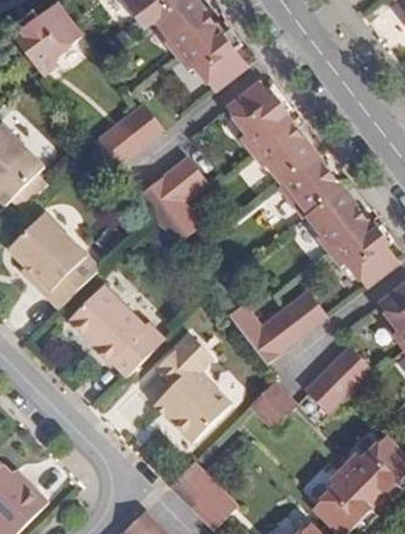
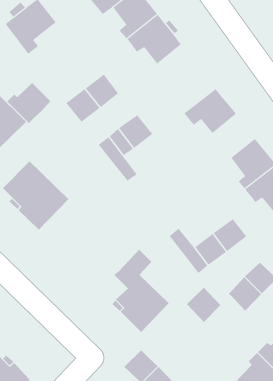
building: [226,83,290,156] -> none
building: none -> [7,82,51,124]
building: [276,156,341,220] -> none
building: [69,287,165,376] -> none

